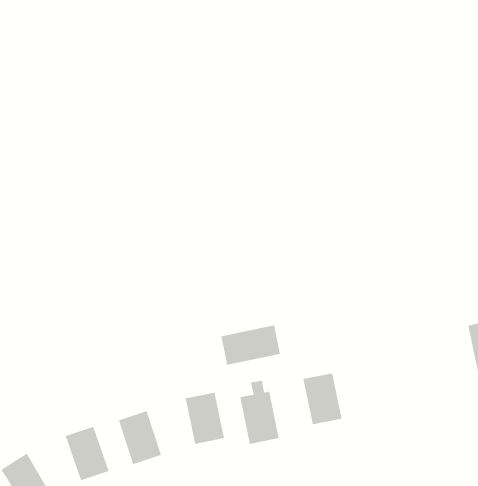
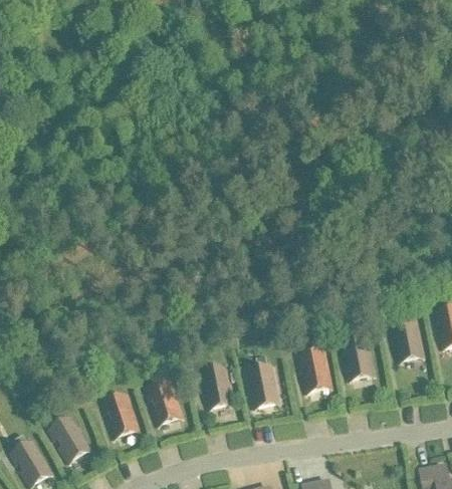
building: [221,325,280,366] -> none
building: none -> [391,318,424,361]
building: none -> [342,336,374,380]

